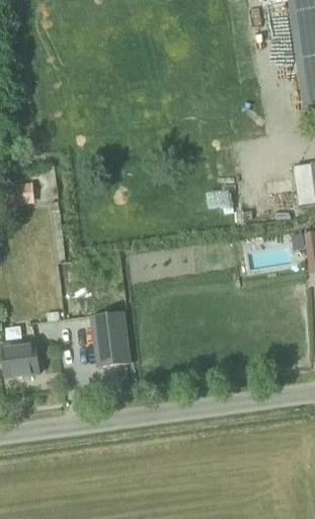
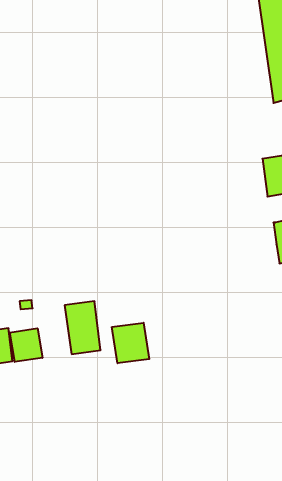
building: none -> [112,323,149,363]
building: none -> [10,328,42,362]

